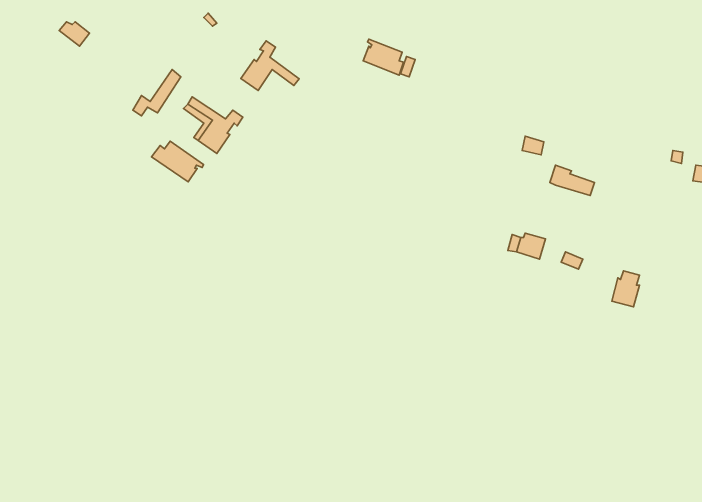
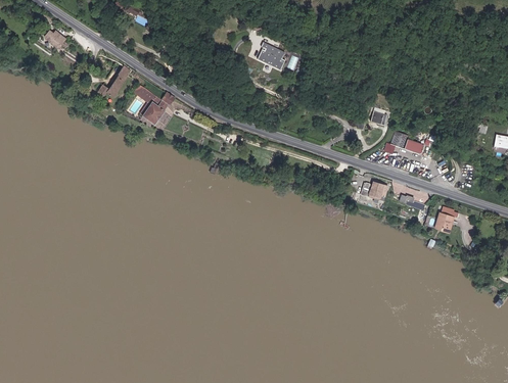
building: [241,41,299,90] -> none
building: [151,141,204,182] -> none

